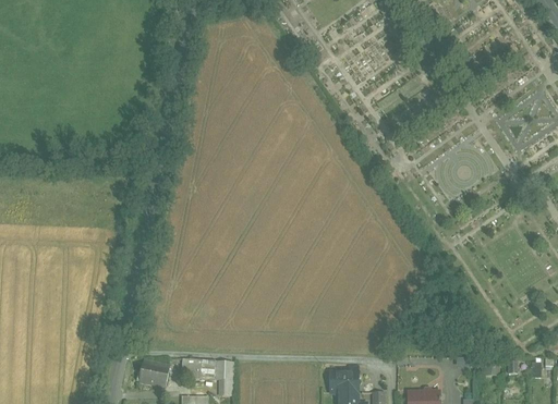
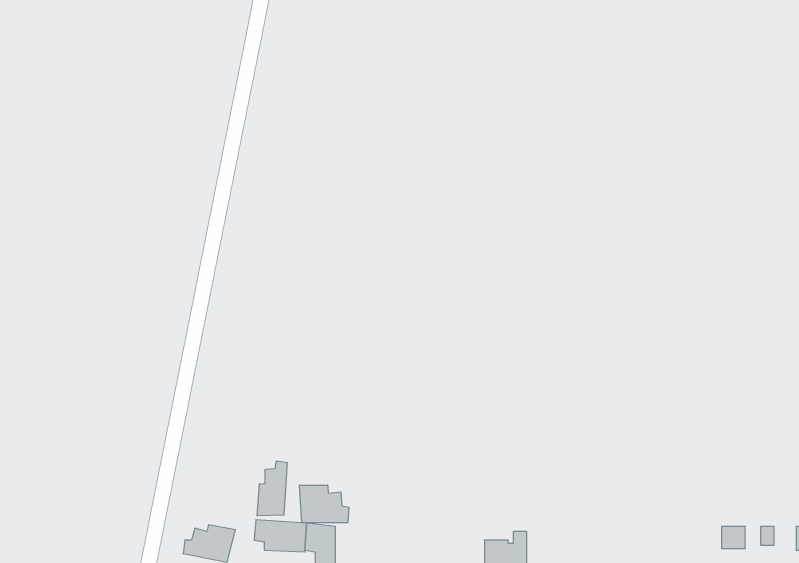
building: none -> [257,461,287,516]
building: none -> [299,485,349,523]

